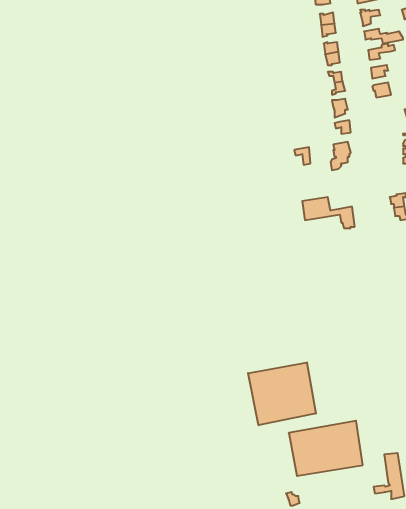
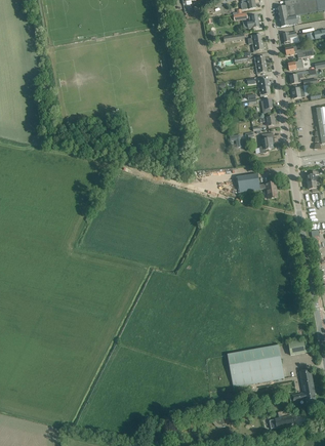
building: [248,362,316,425] -> none

